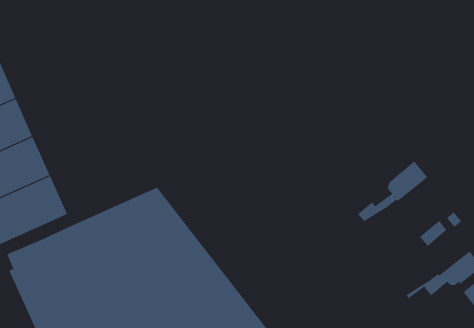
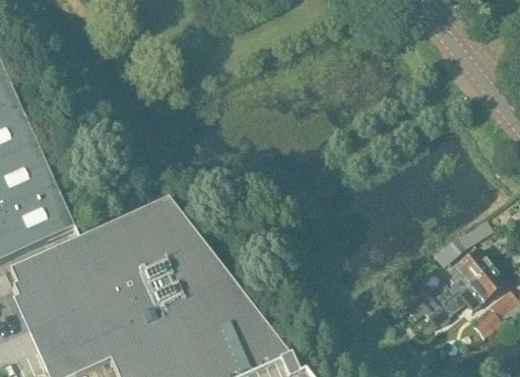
building: [357,161,428,222] -> [417,248,492,312]

